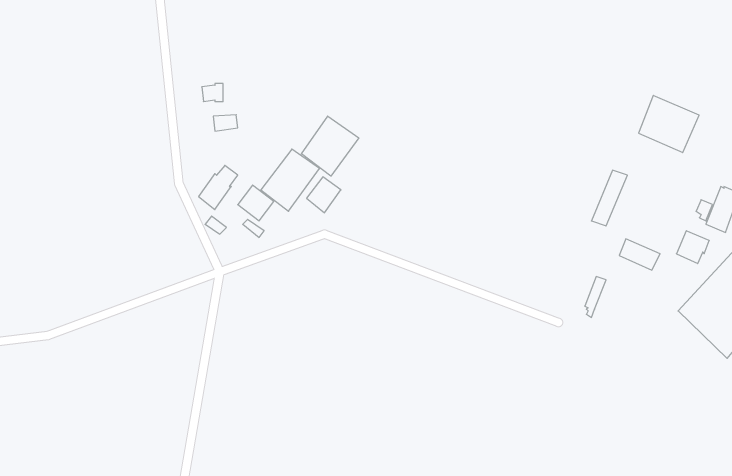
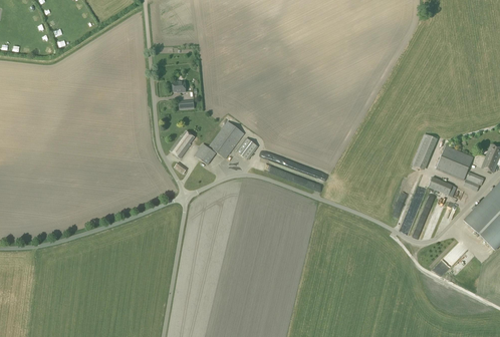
building: [639,95,699,153] -> [437,145,474,181]
building: [301,116,359,176] -> none

